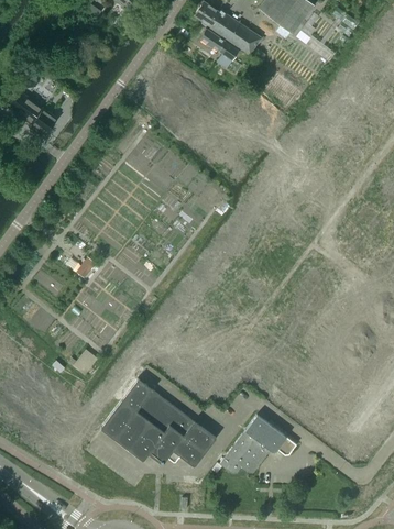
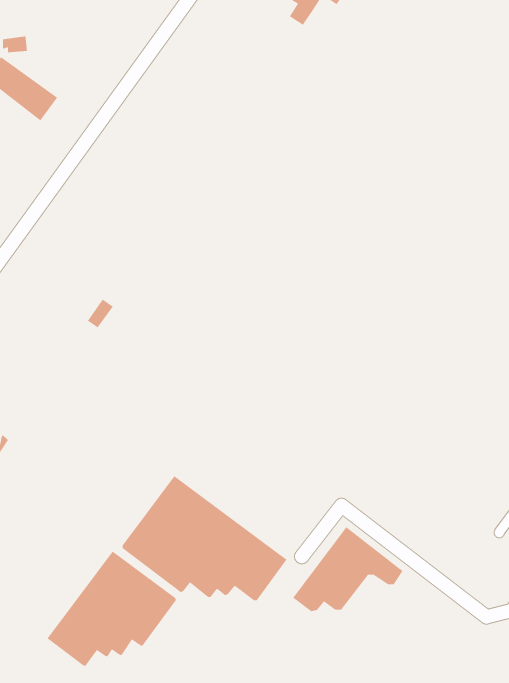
building: none -> [47,550,177,667]

